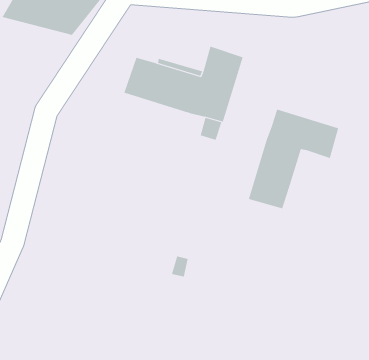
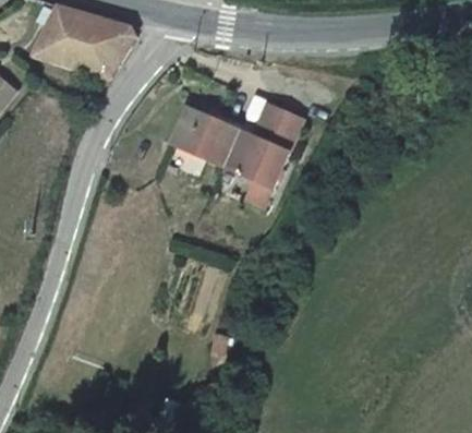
building: [248,108,339,209] -> none

